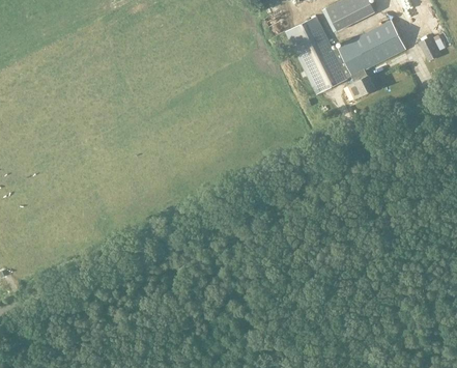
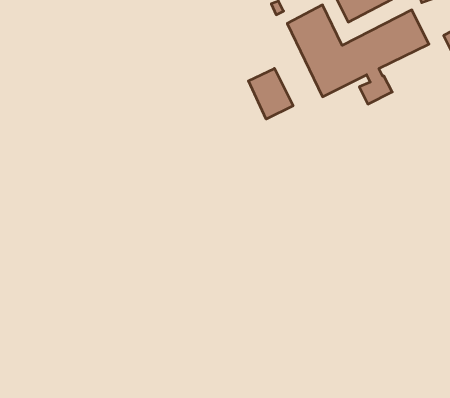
building: none -> [248,68,293,119]

